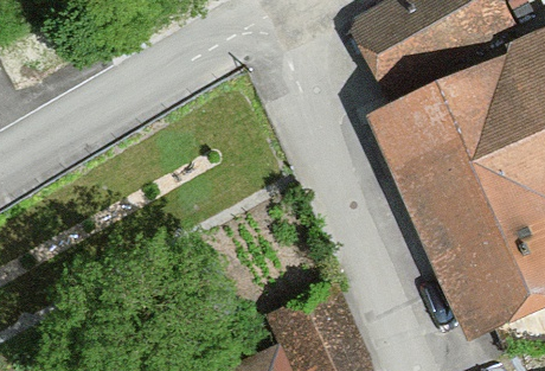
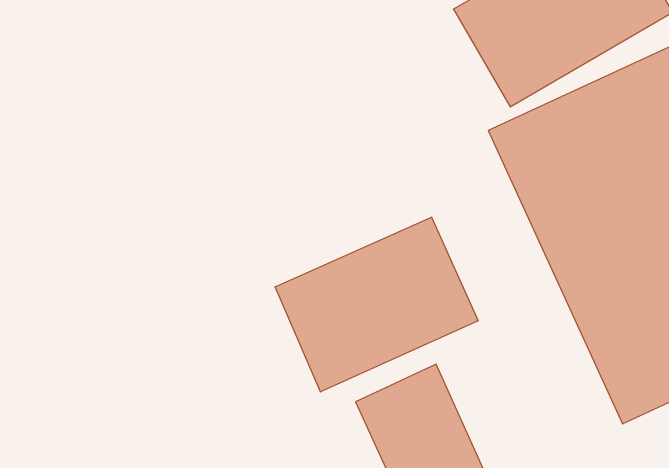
building: none -> [275,217,478,392]

